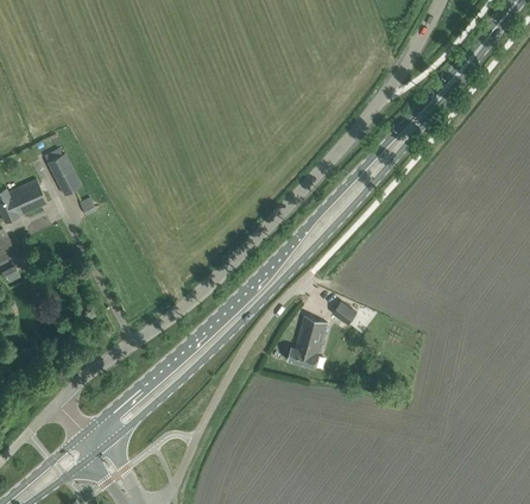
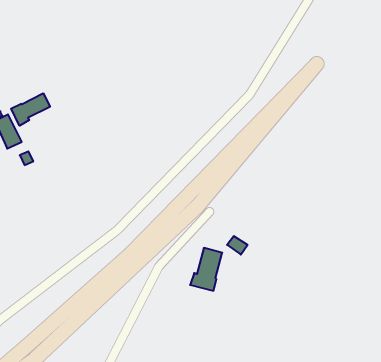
building: none -> [11,93,50,126]

